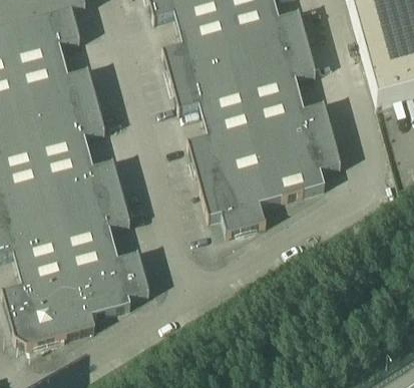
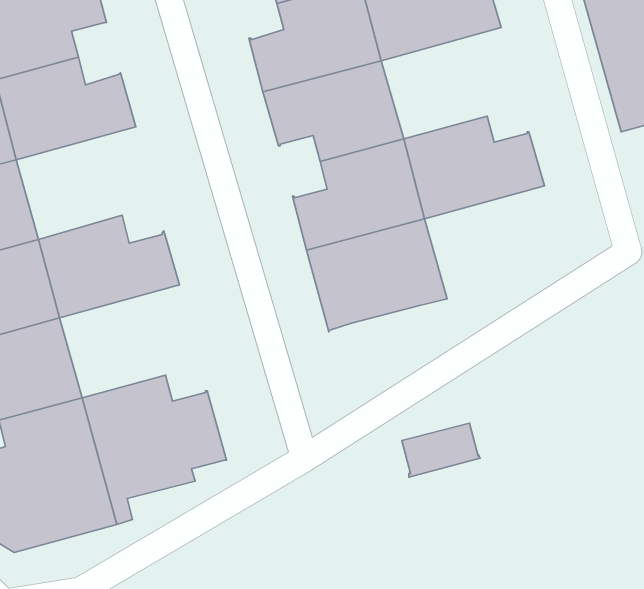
building: [238,40,315,104] -> none
building: [27,97,104,162] -> none
building: [263,131,340,197] -> none
building: [52,188,129,254] -> none
building: [221,201,266,232] -> [402,423,480,477]

